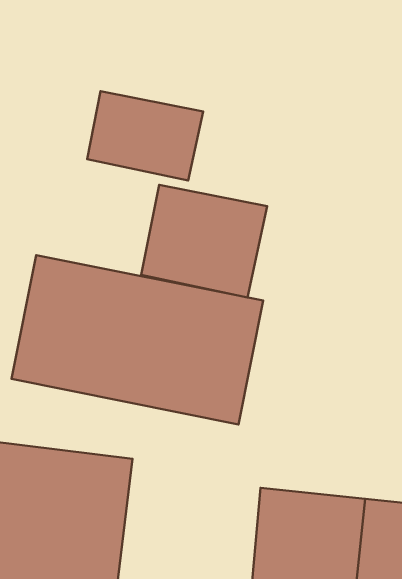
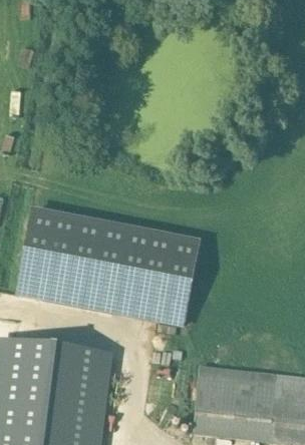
building: [87,91,203,180] -> none
building: [141,185,267,297] -> none

